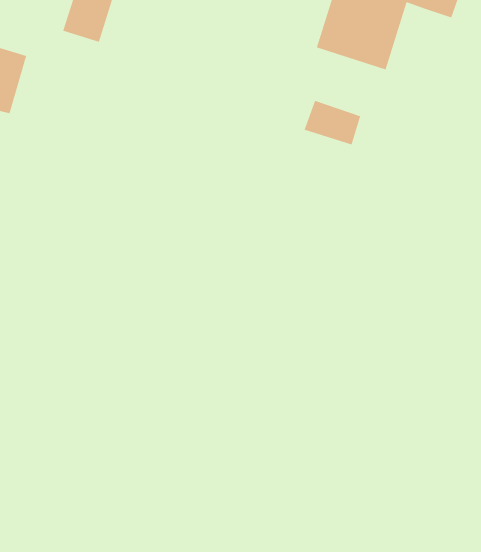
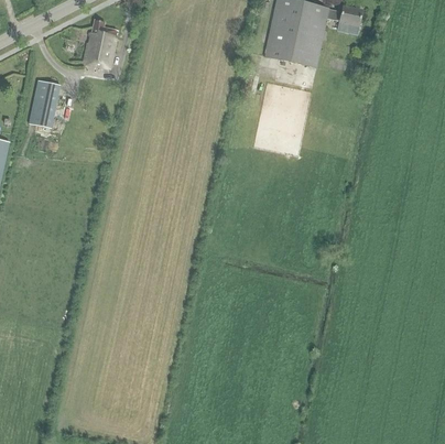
building: [303,100,361,145] -> none

